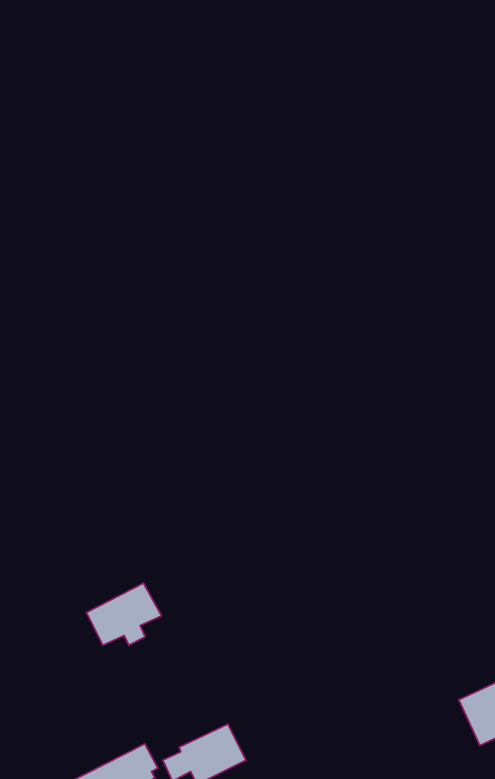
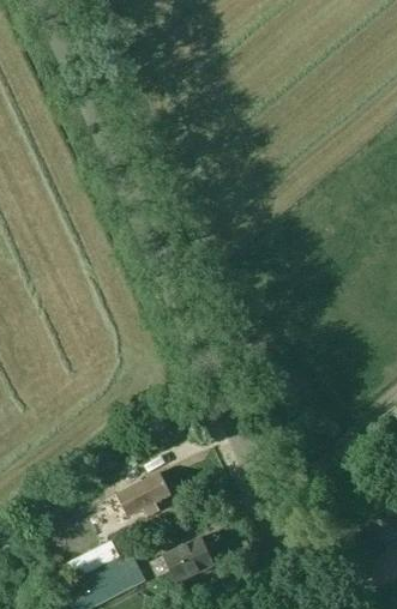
building: [87,583,161,645] -> [116,472,172,518]

